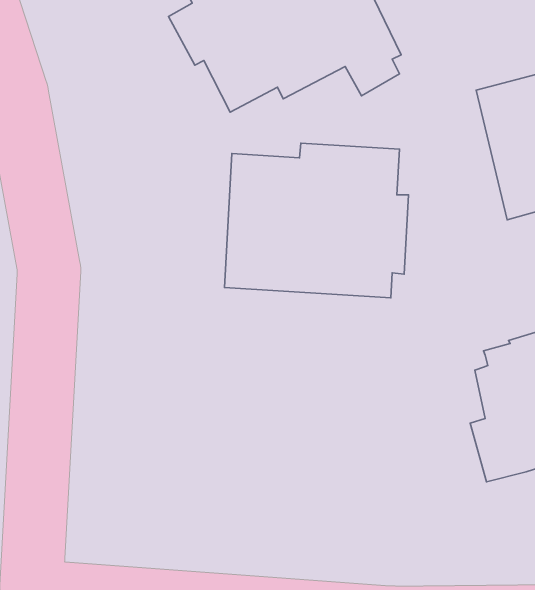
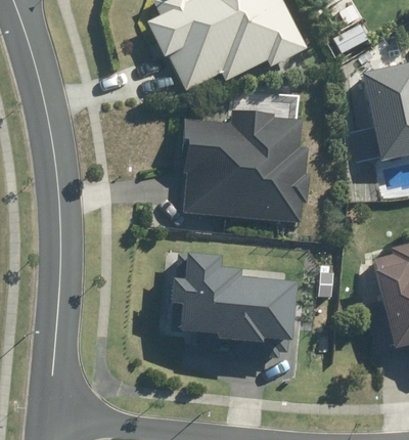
building: none -> [172,257,294,340]

